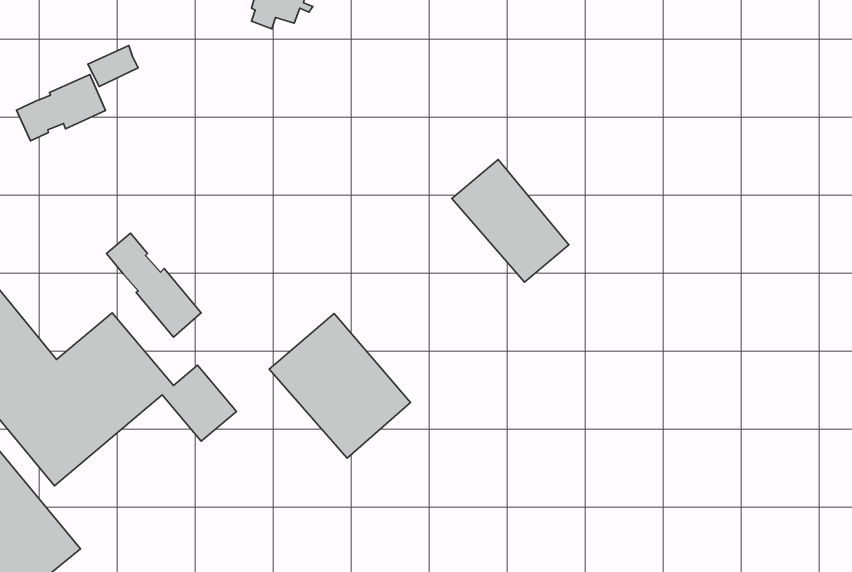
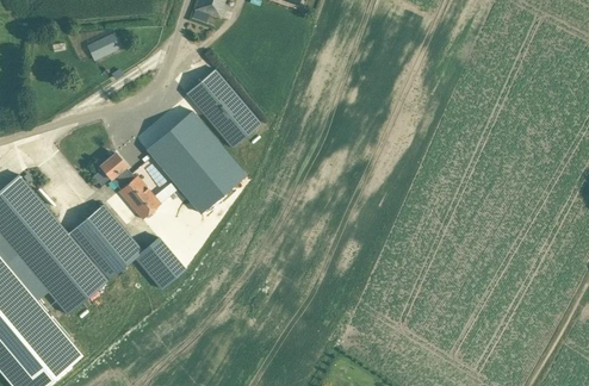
building: [17,74,106,141] -> none
building: [452,159,569,282] -> [185,70,260,149]
building: [269,313,410,458] -> [148,108,238,201]

